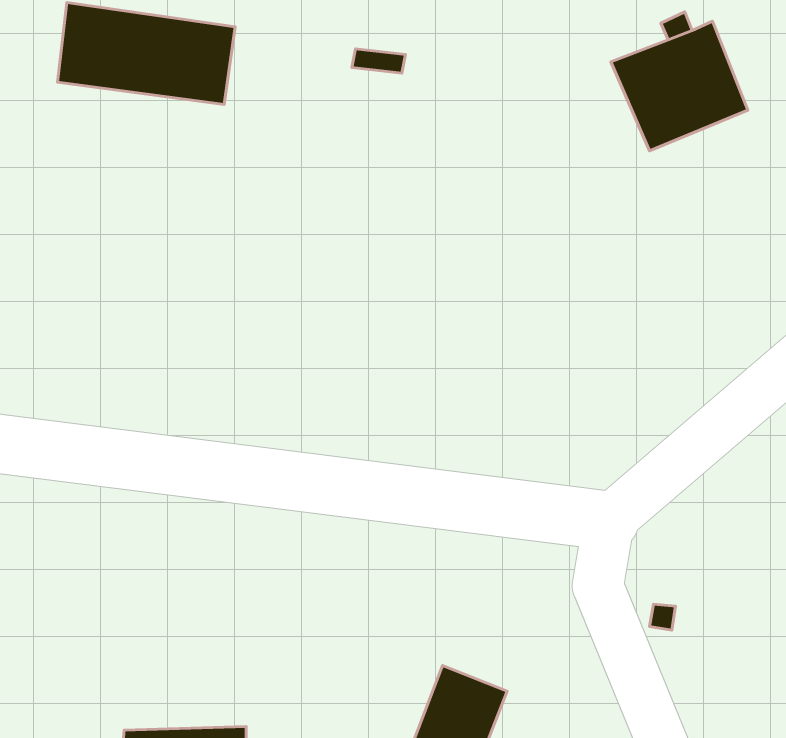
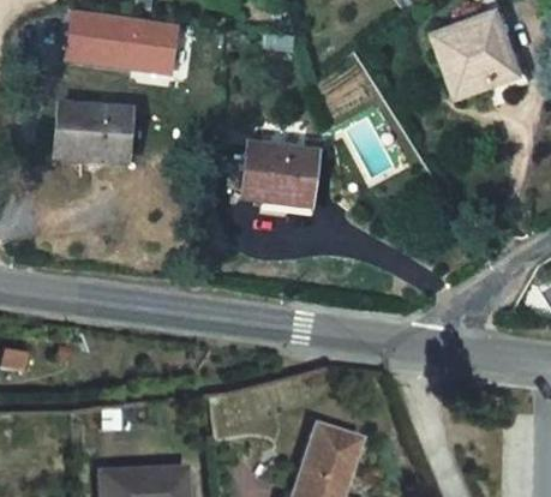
building: none -> [59,101,133,158]
building: none -> [240,140,319,204]

